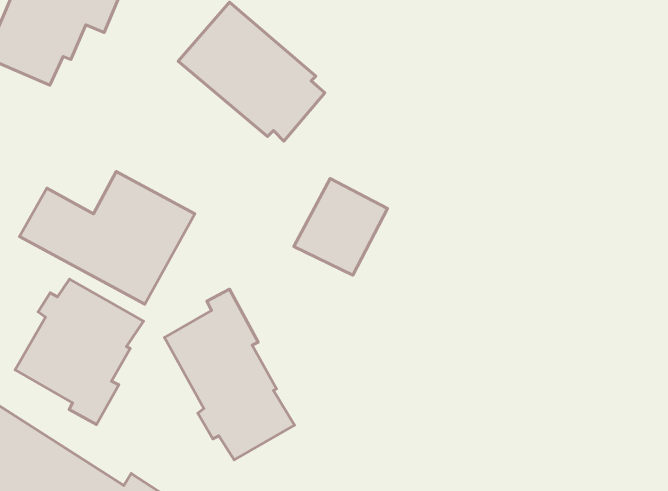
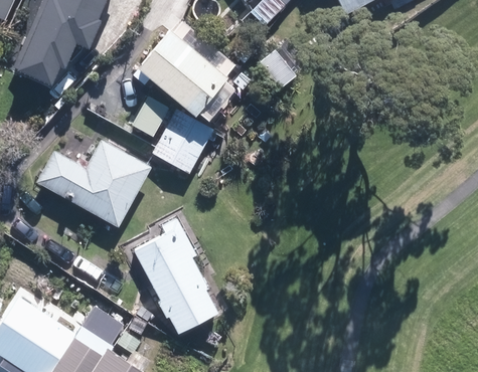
building: [294,178,388,275] -> [149,110,211,174]
building: [15,279,143,424] -> none

